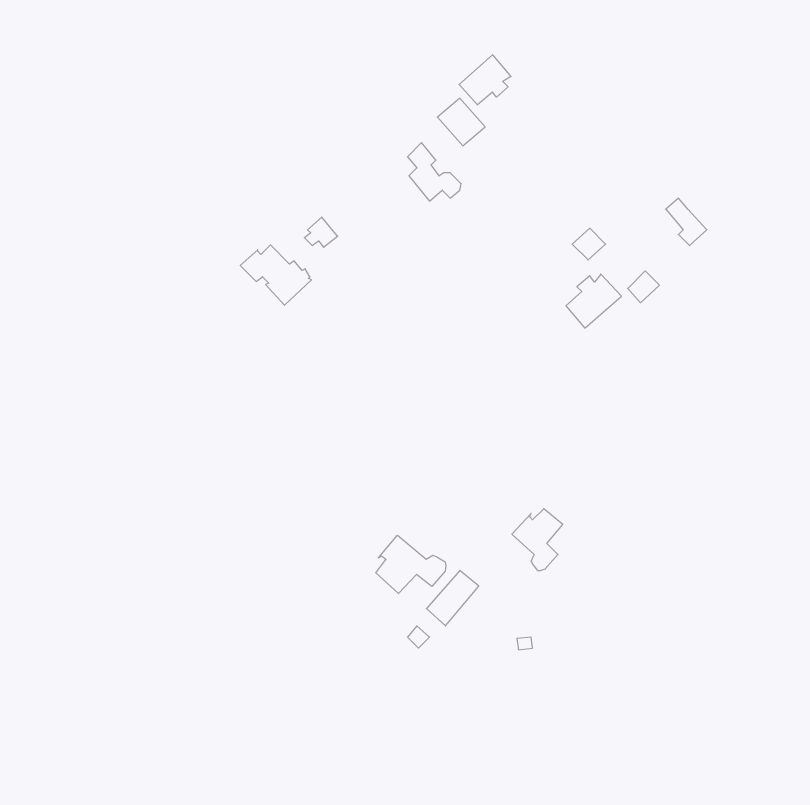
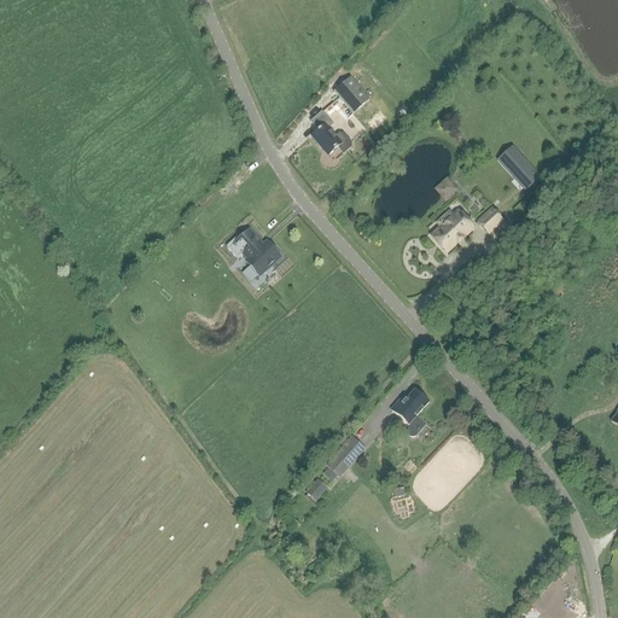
building: [459,55,511,105] -> none
building: [240,245,312,305] -> [226,228,280,274]
building: [376,535,446,594] -> none

